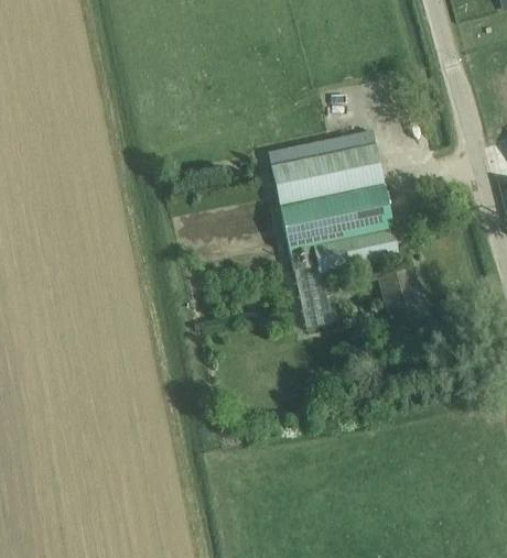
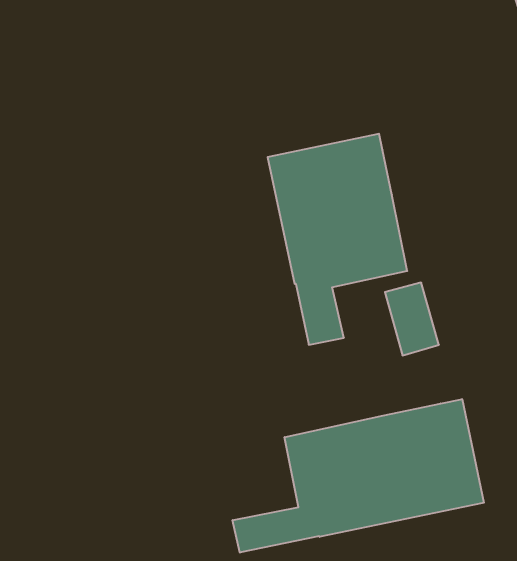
building: none -> [233,399,484,553]

